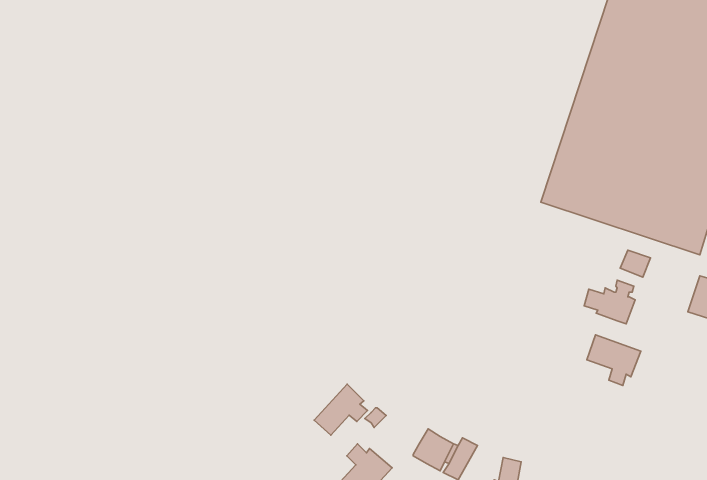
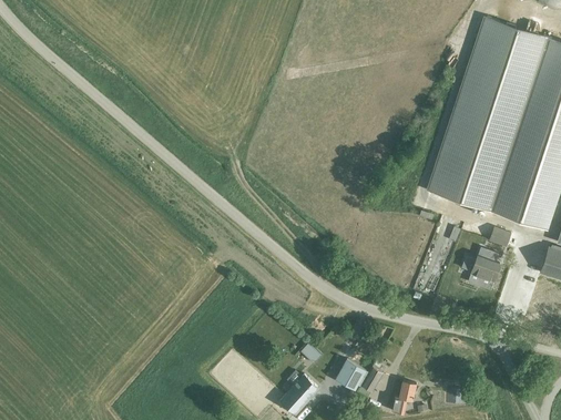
building: [587,335,641,386] -> none
building: [314,384,367,435] -> none

